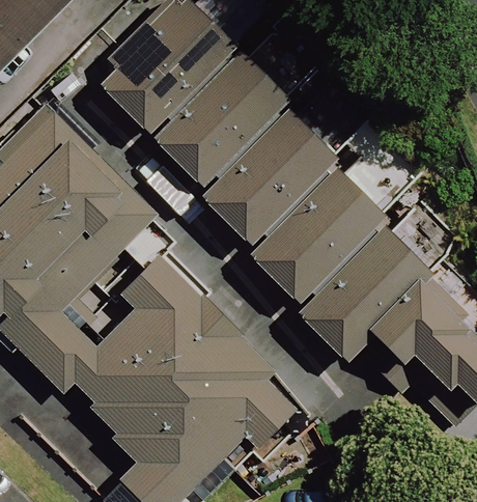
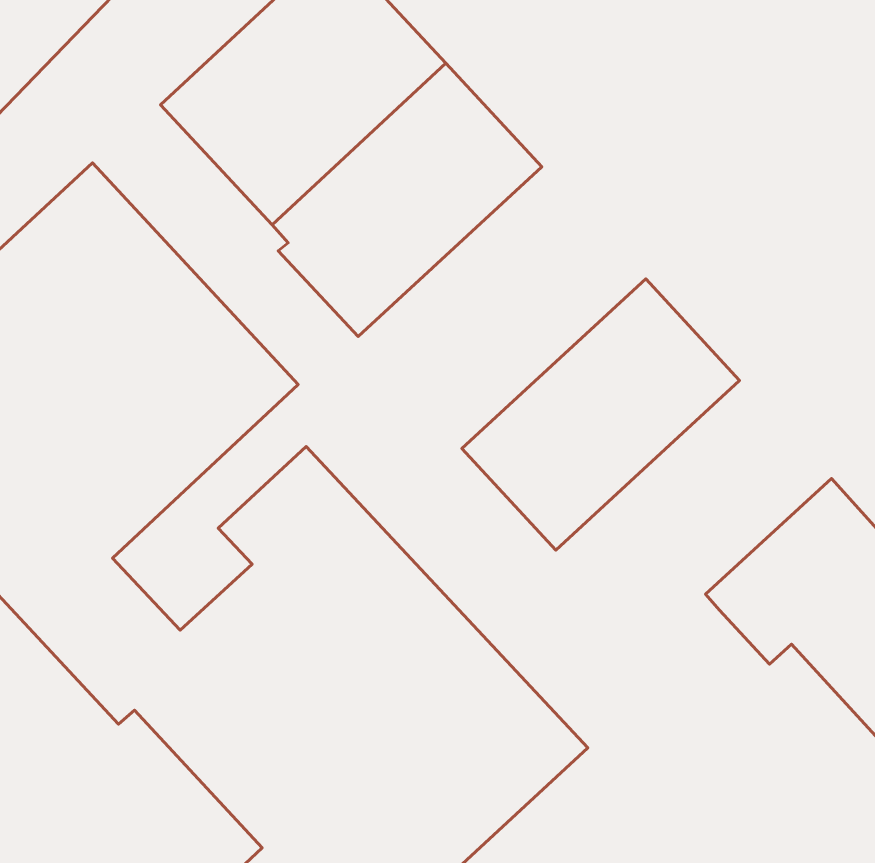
building: [188,103,337,249] -> none
building: [290,214,433,361] -> none

